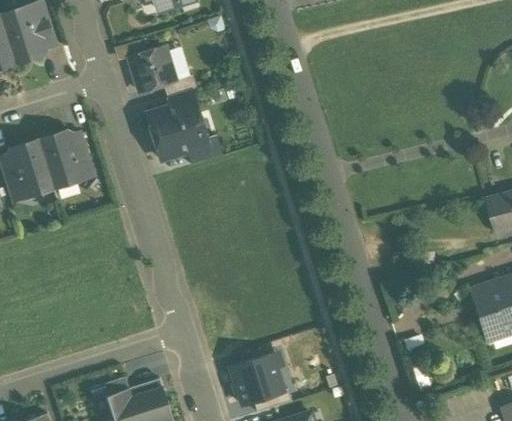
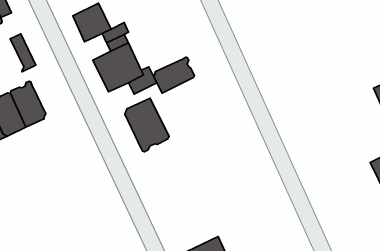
building: none -> [154,57,195,93]
building: [68,133,95,180] -> [10,34,36,72]
building: none -> [125,98,169,152]

